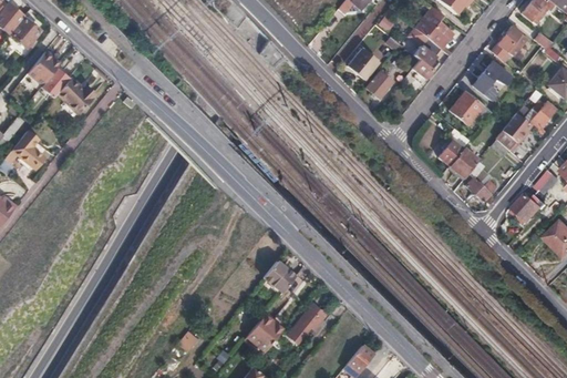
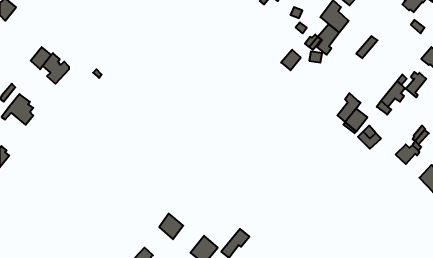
building: [11,18,40,47] -> none
building: [491,24,528,62] -> none
building: [349,49,379,79] -> none
building: [28,50,61,84] -> none
building: [474,61,512,101] -> none
building: [451,91,483,123] -> none
building: [266,258,297,292] -> [159,214,183,239]

